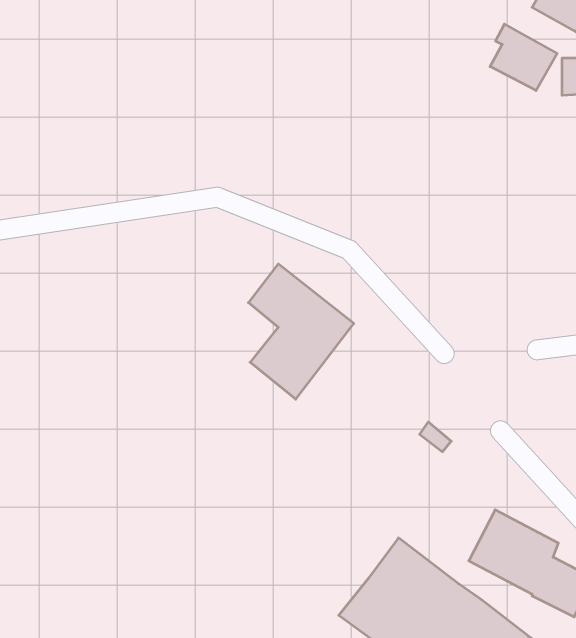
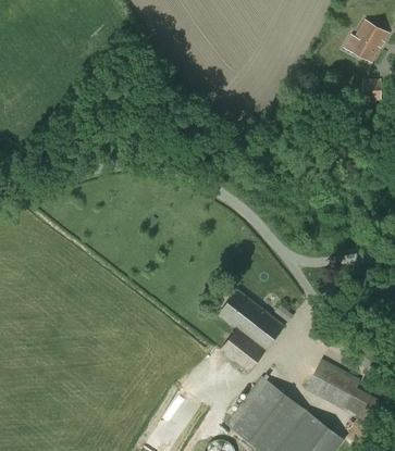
building: [490,24,557,91] -> none
building: [248,264,354,399] -> [219,289,284,373]

